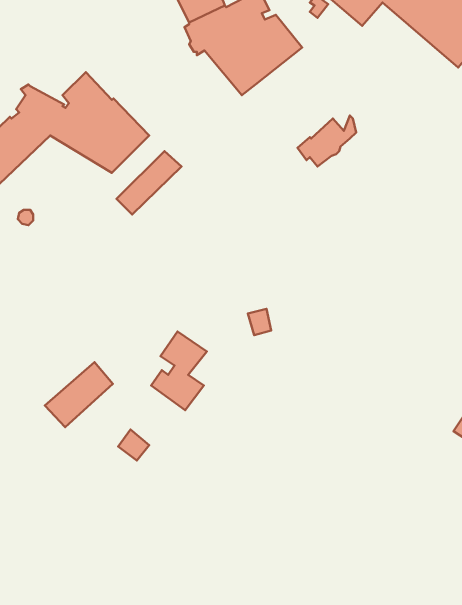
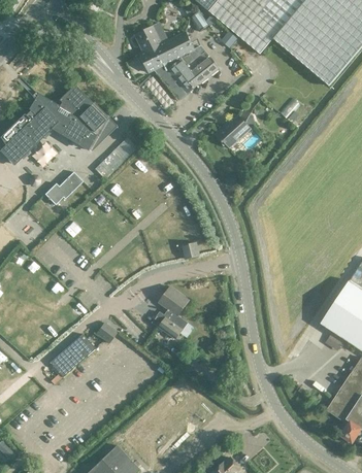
building: none -> [44,172,83,205]
building: [151,331,207,410] -> [153,286,190,339]
building: [45,362,113,427] -> [50,334,95,377]

